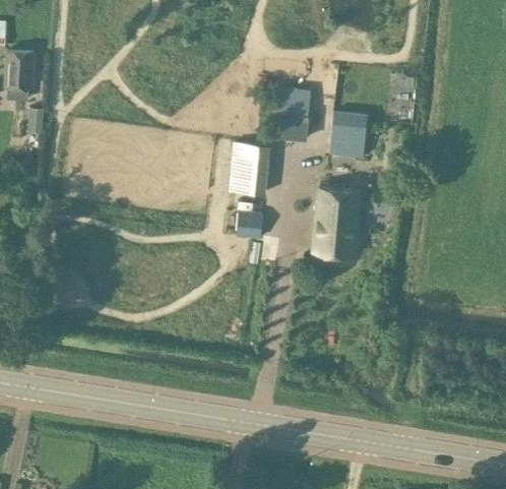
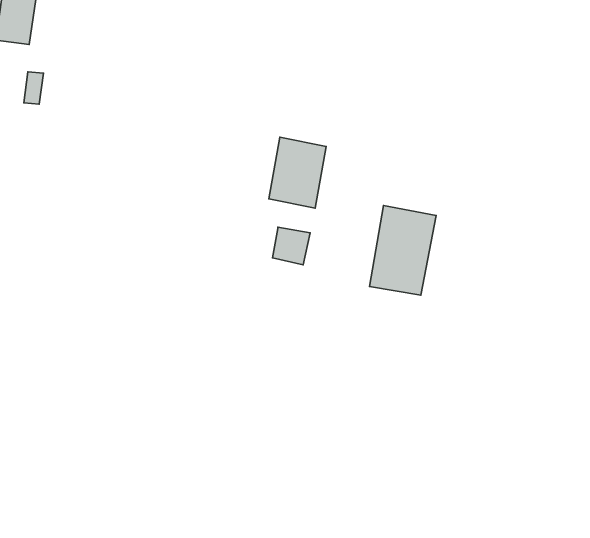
building: [274,82,308,136] -> none
building: [329,114,367,161] -> none

